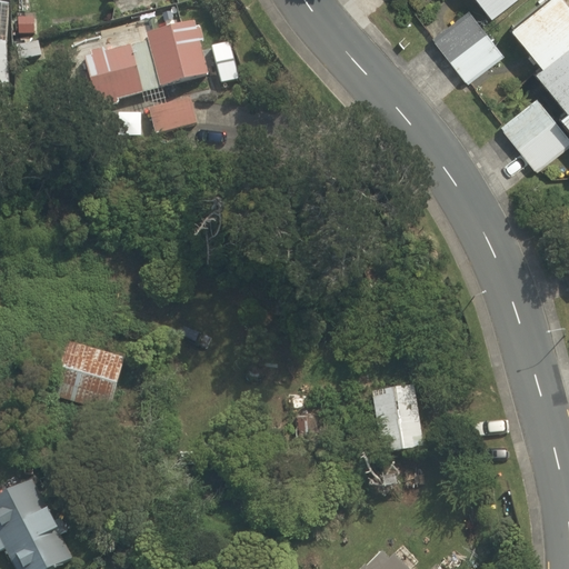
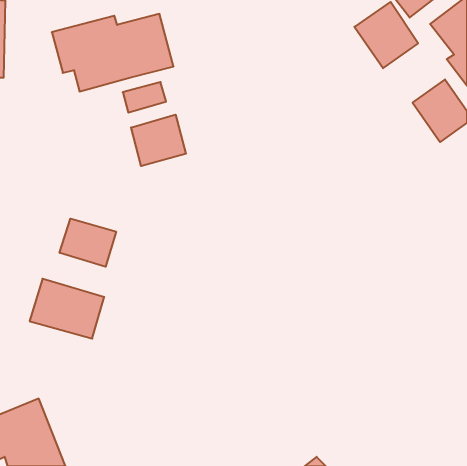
building: none -> [131,115,186,166]
building: none -> [60,219,116,267]
building: [375,382,422,457] -> none

